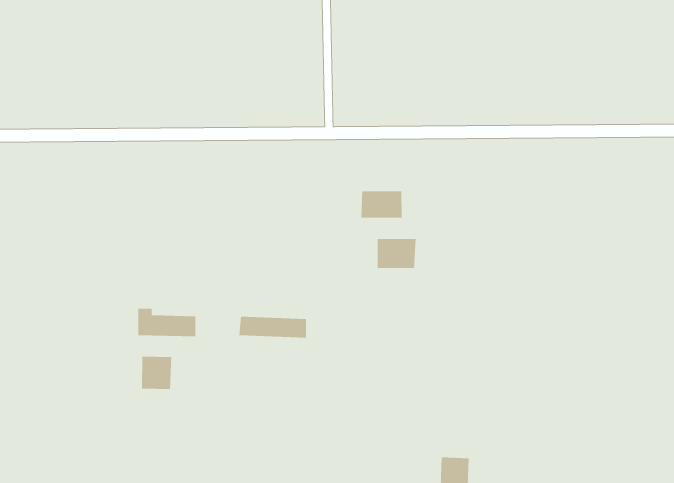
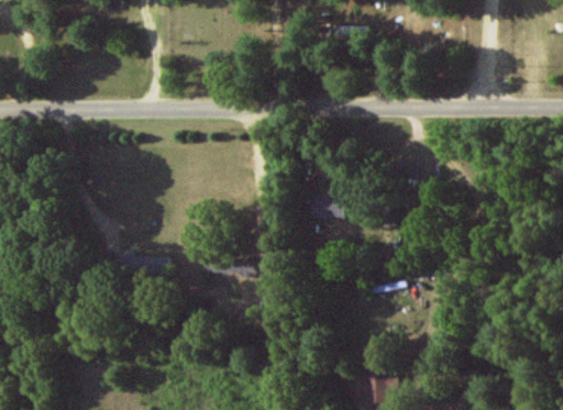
building: [361,191,402,219] -> none
building: [141,356,172,390] -> none

